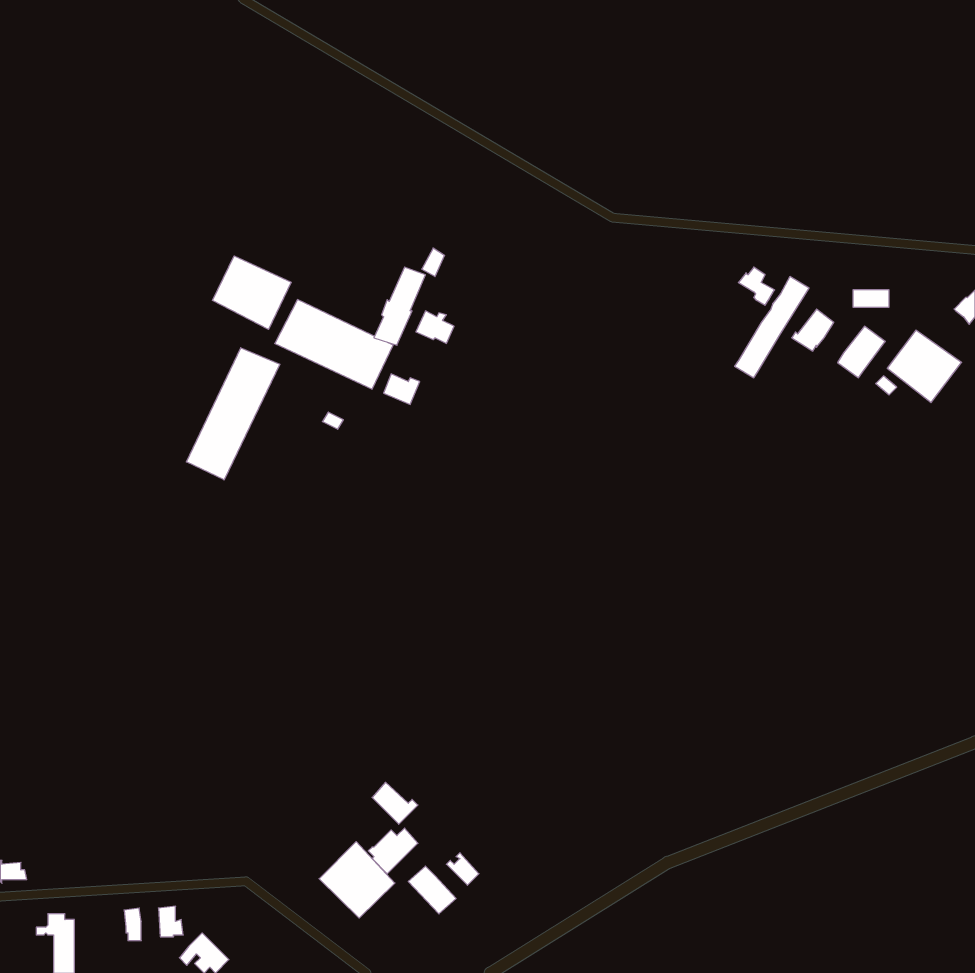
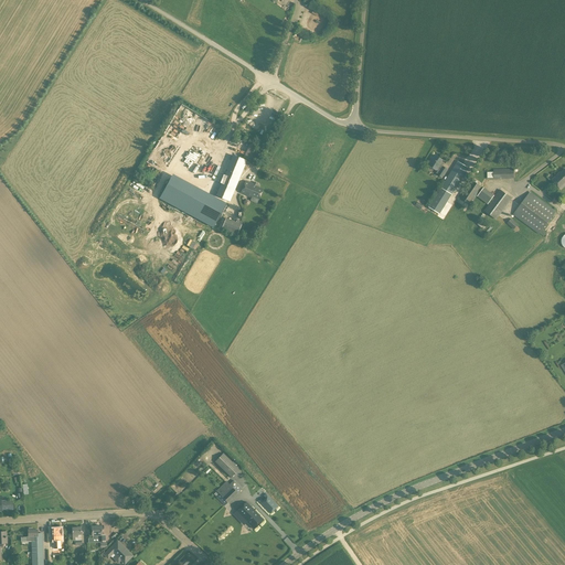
building: [213,256,291,329] -> none
building: [186,348,280,480] -> none
building: [319,842,395,918] -> none

